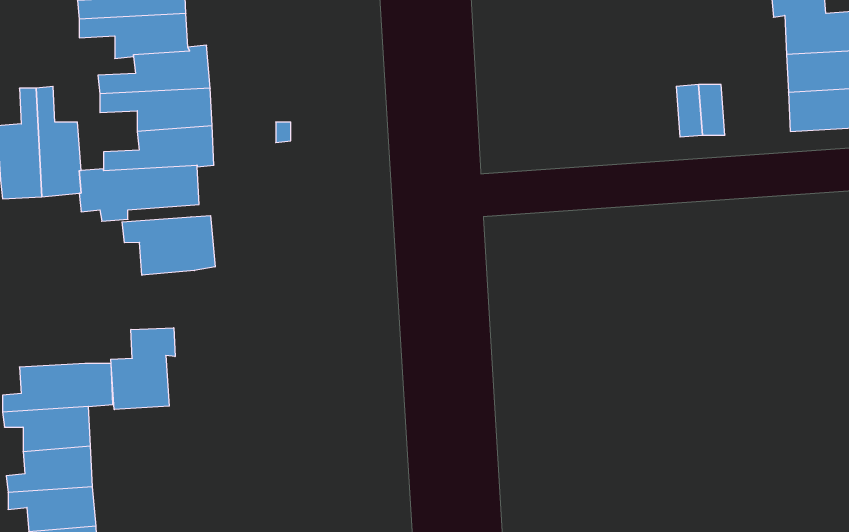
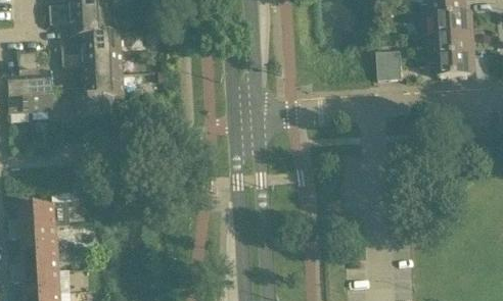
building: [122,216,215,275] -> none
building: [111,328,175,410] -> none

